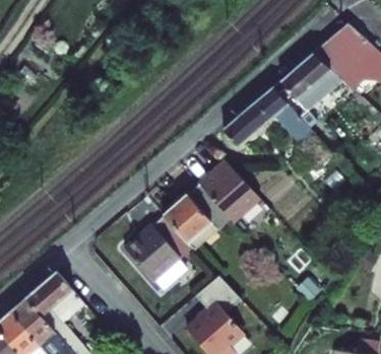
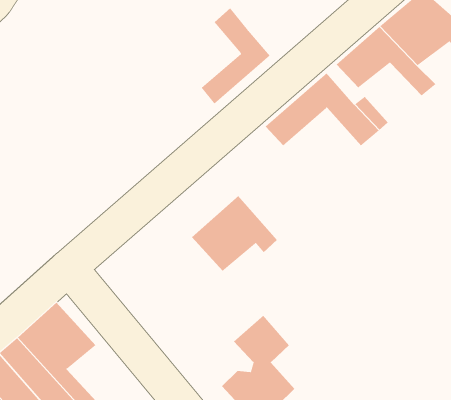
building: none -> [201,7,270,104]
building: [200,160,261,223] -> none
building: [121,217,189,292] -> none

